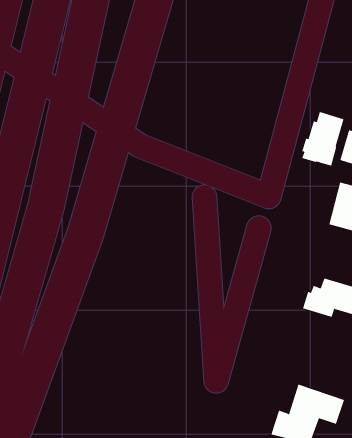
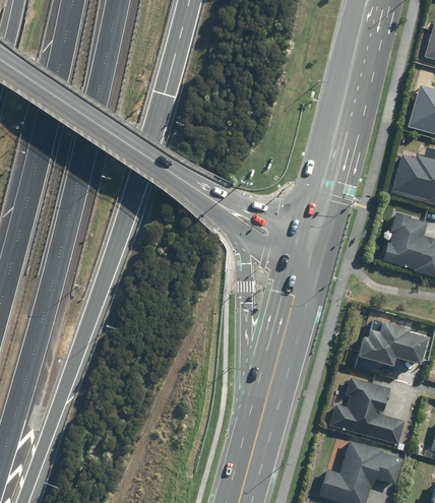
building: [301,111,344,167] -> none
building: none -> [330,377,401,444]

